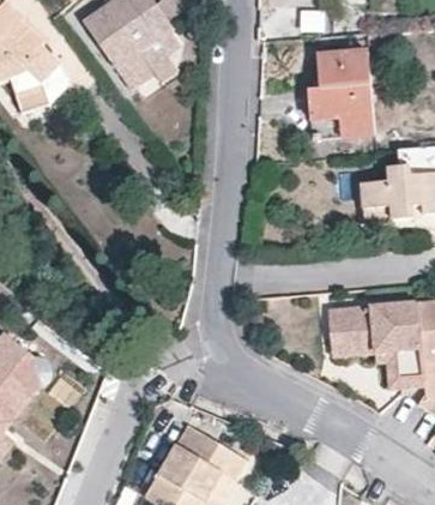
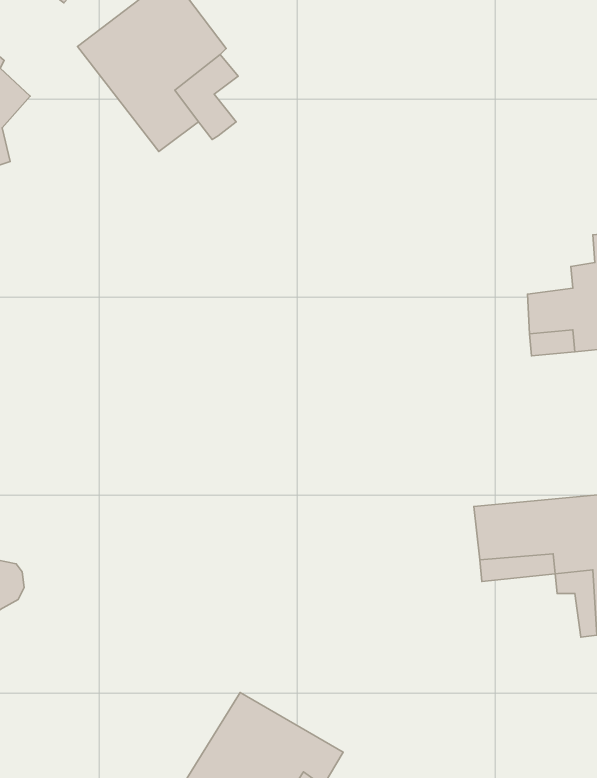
building: [306,48,373,136] -> none

